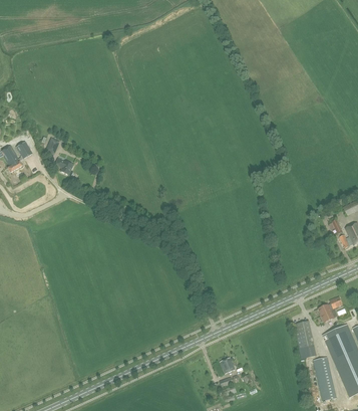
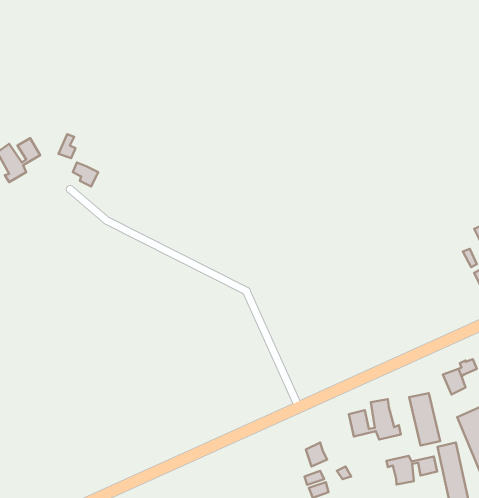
building: none -> [349,399,401,440]
building: none -> [387,456,437,484]

